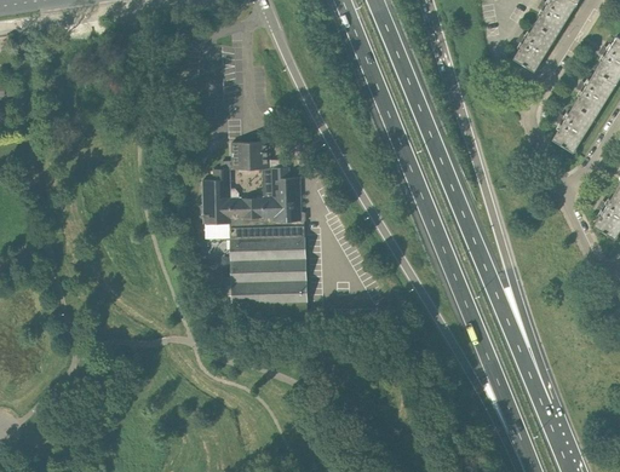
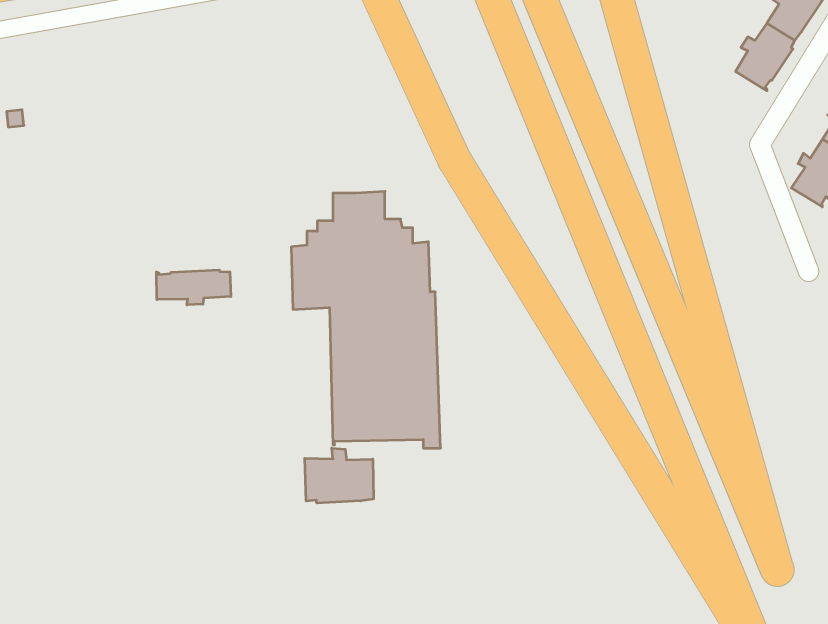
building: none -> [156,270,231,305]
building: none -> [305,448,373,503]

